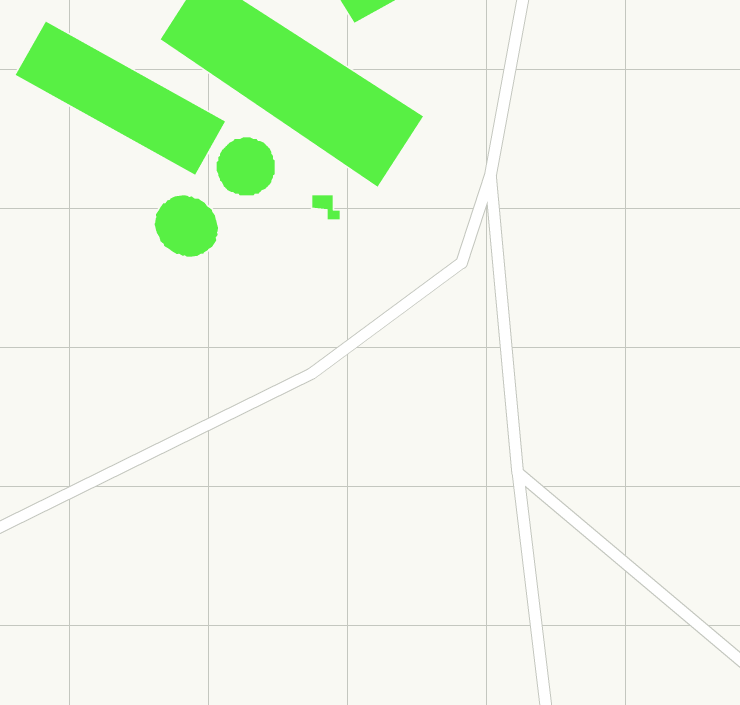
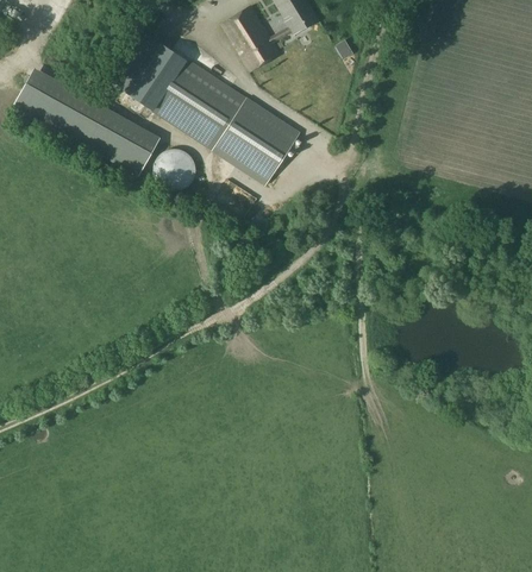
building: [153,194,219,258] -> none

